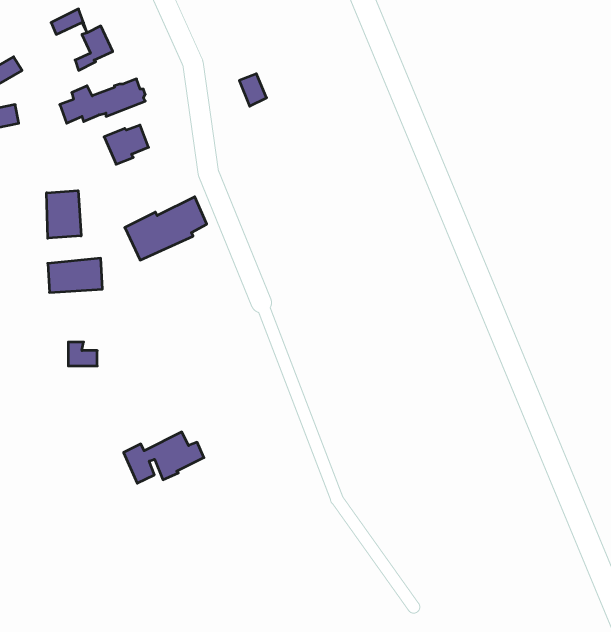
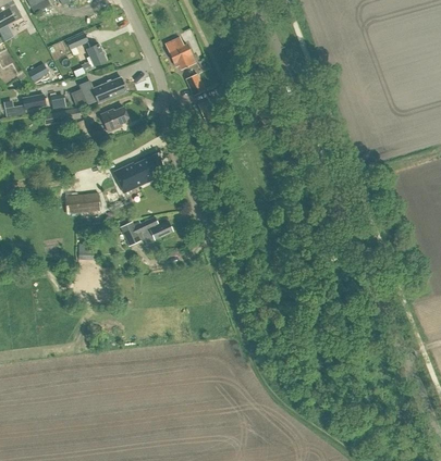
building: none -> [164,37,192,68]
building: [47,191,81,238] -> none
building: [124,432,204,483] -> [121,214,172,247]

